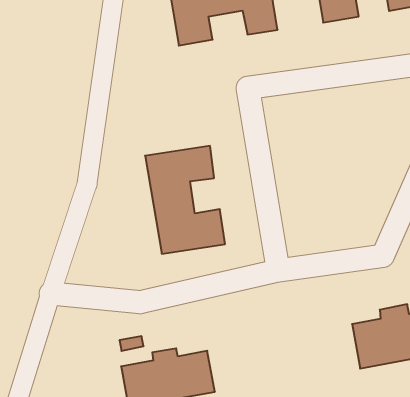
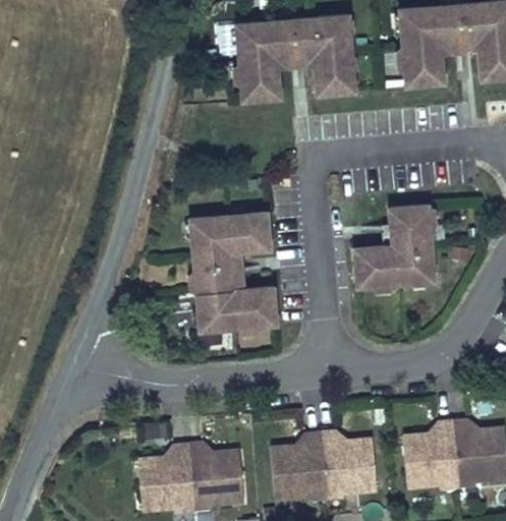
building: none -> [351,210,433,289]
building: none -> [275,428,376,494]

